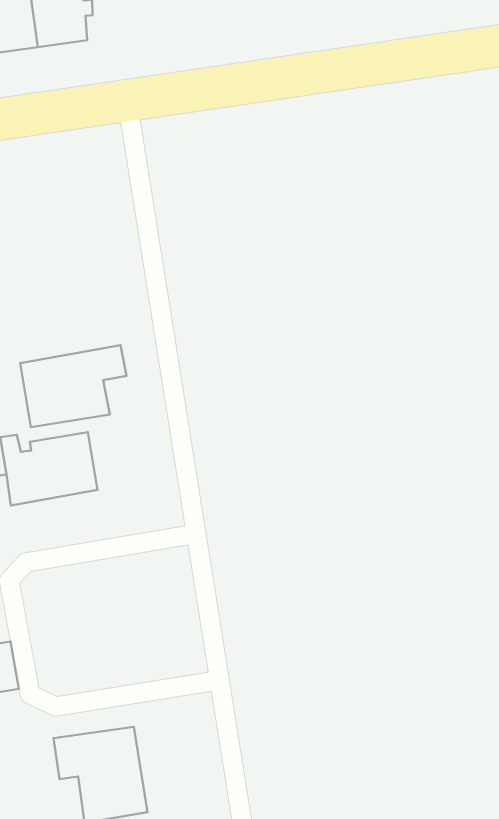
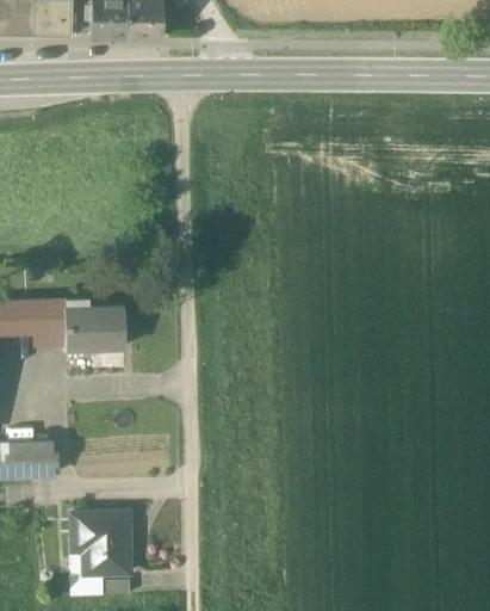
building: [20,345,126,427] -> none

